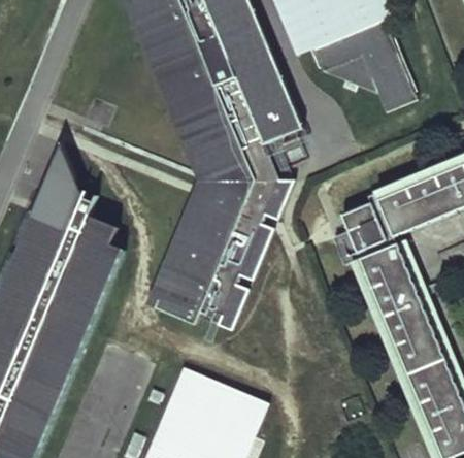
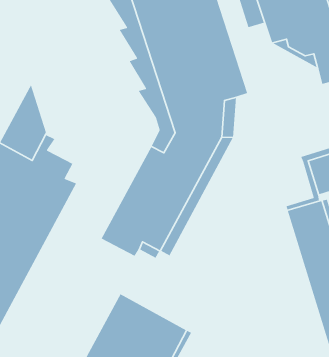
building: [340,201,386,252] -> none

